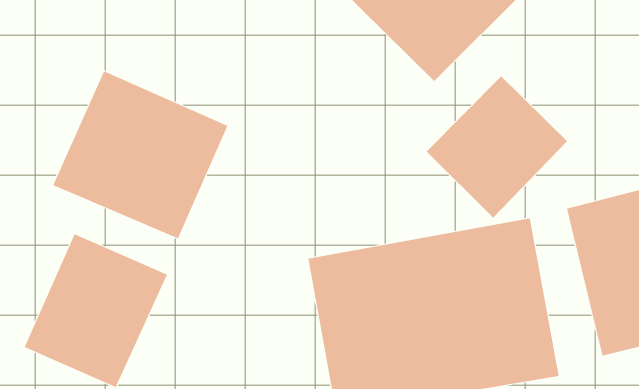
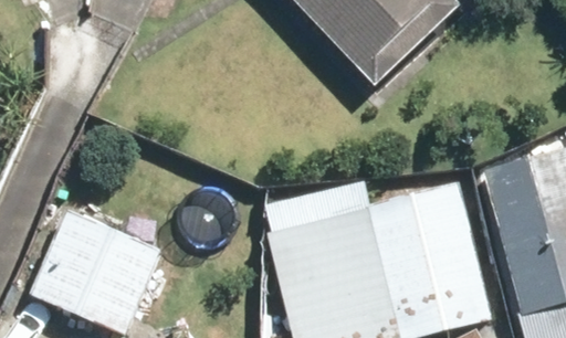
building: [53,71,228,239] -> none
building: [426,75,568,218] -> none

